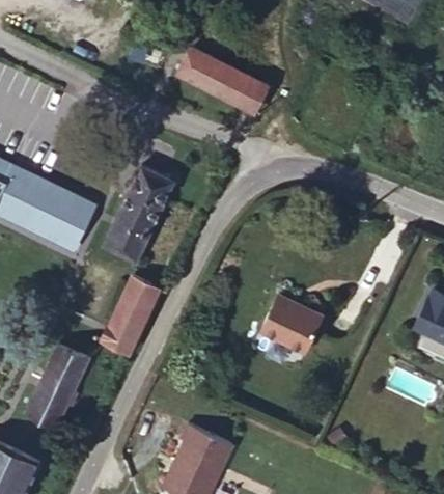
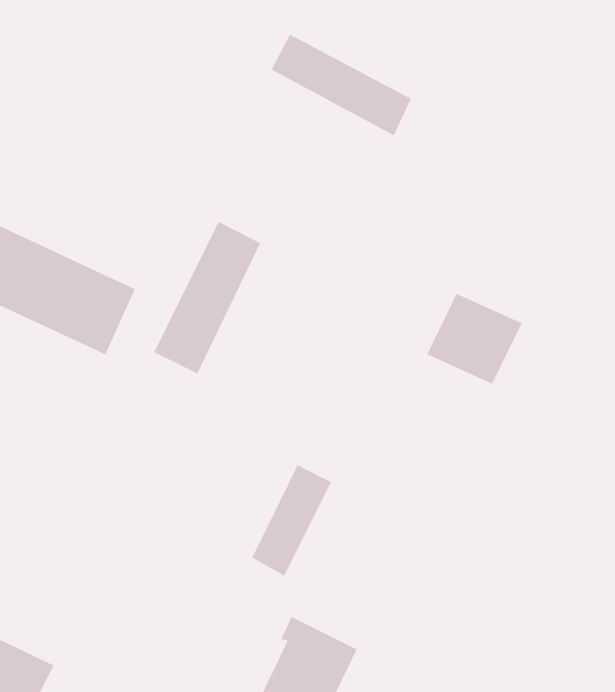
building: [102,282,155,356] -> [251,464,332,577]
building: [266,300,329,360] -> [426,293,523,385]
building: [26,344,85,420] -> none

